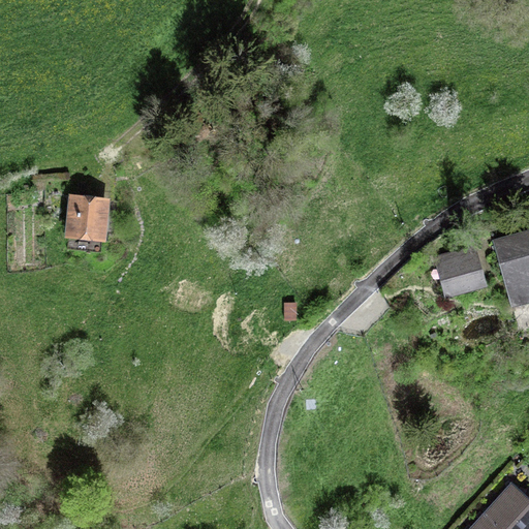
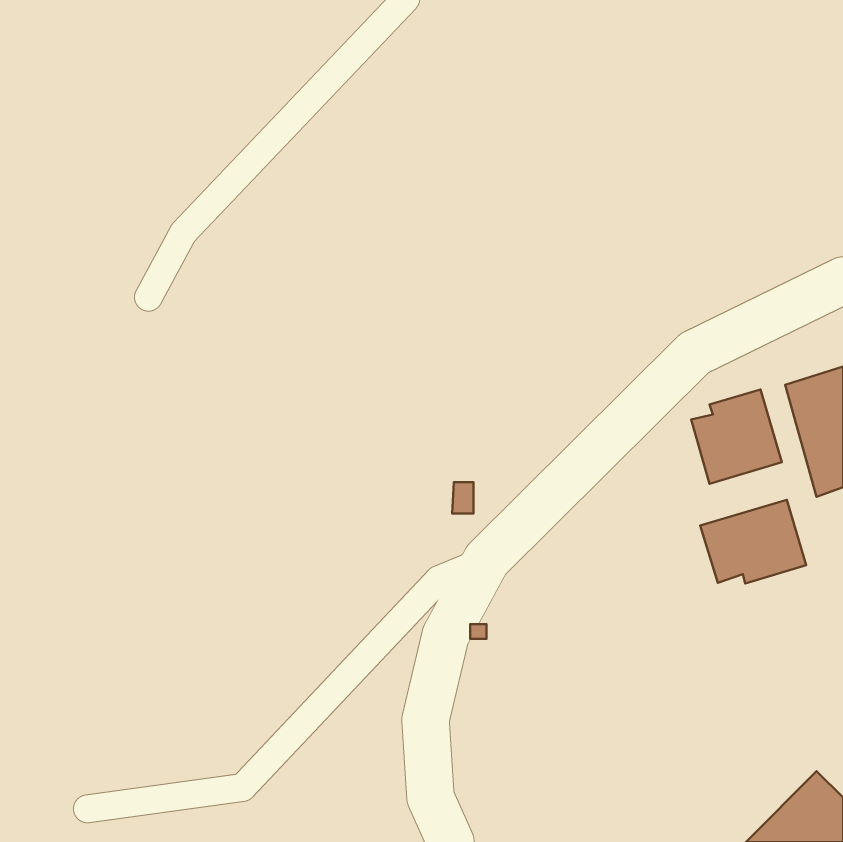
building: [65,196,111,245] -> none
building: none -> [700,500,806,583]

